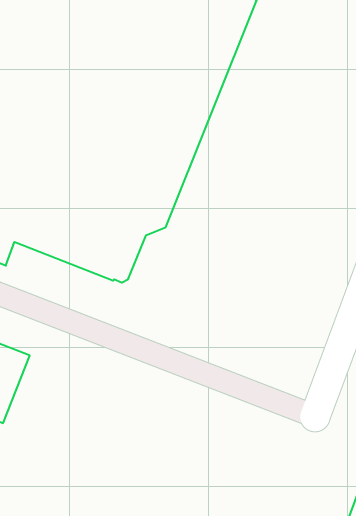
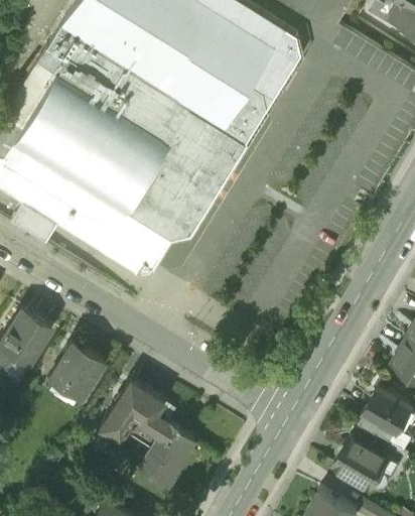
building: none -> [49,340,105,398]
building: none -> [101,380,198,485]

